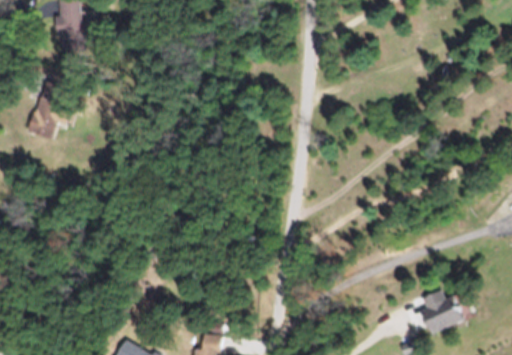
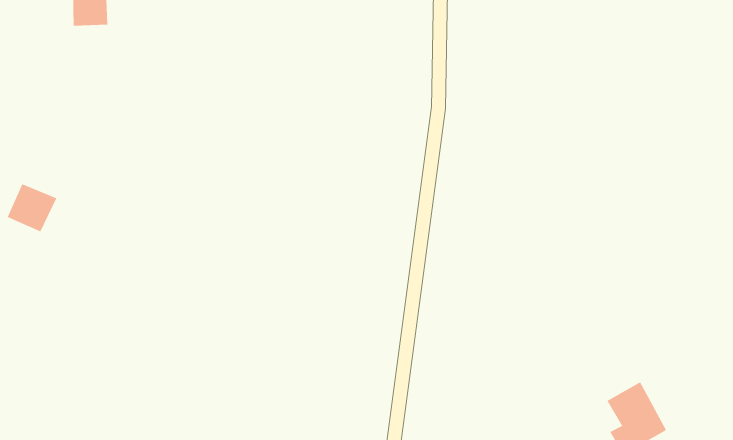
building: [28,105,62,138] -> [7,183,57,232]

